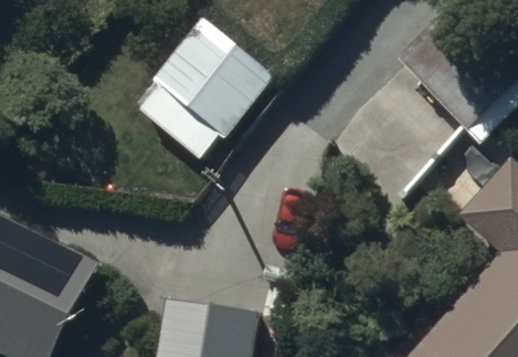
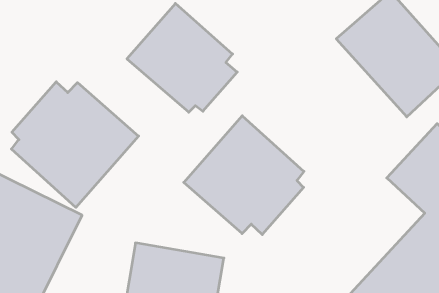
building: none -> [11,82,139,207]
building: none -> [184,116,304,235]

